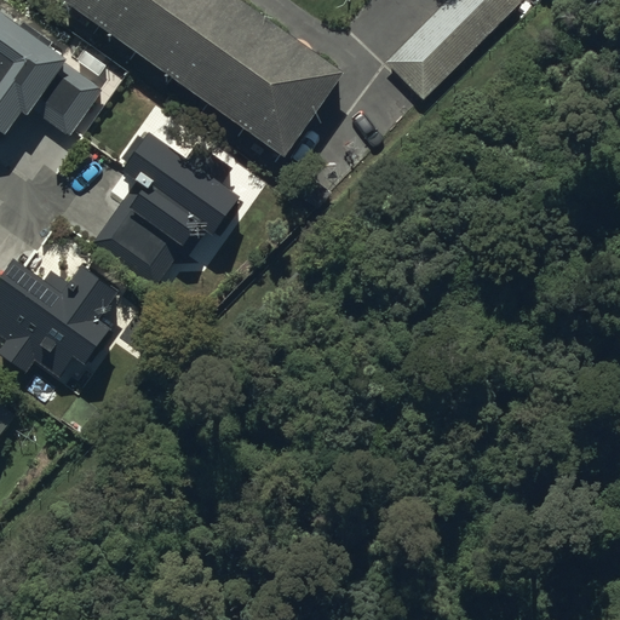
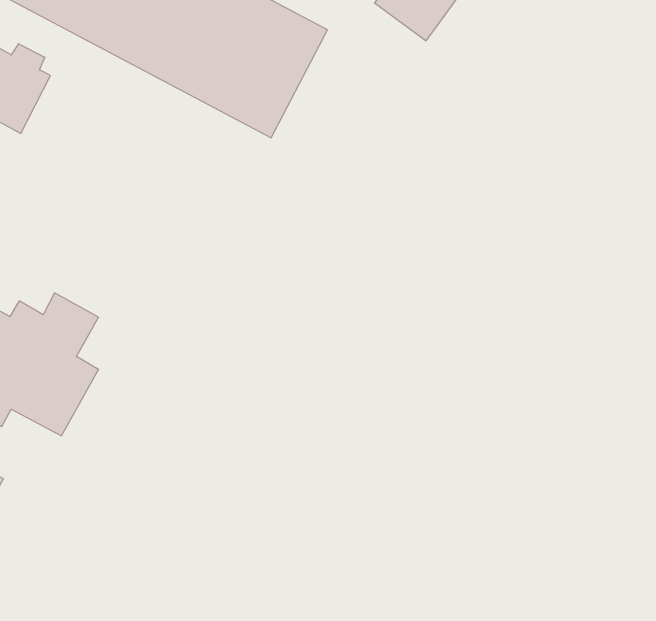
building: [88,126,239,280] -> none

